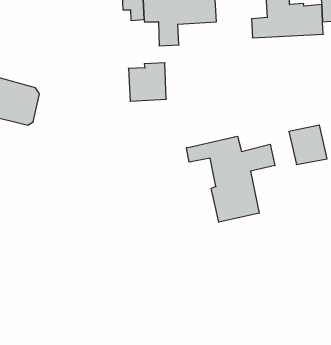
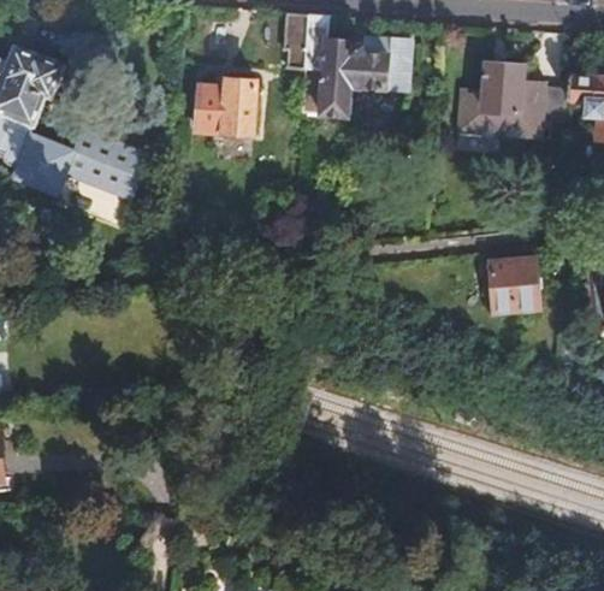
building: [128,63,166,101] -> [199,81,256,136]
building: [186,136,275,222] -> none

